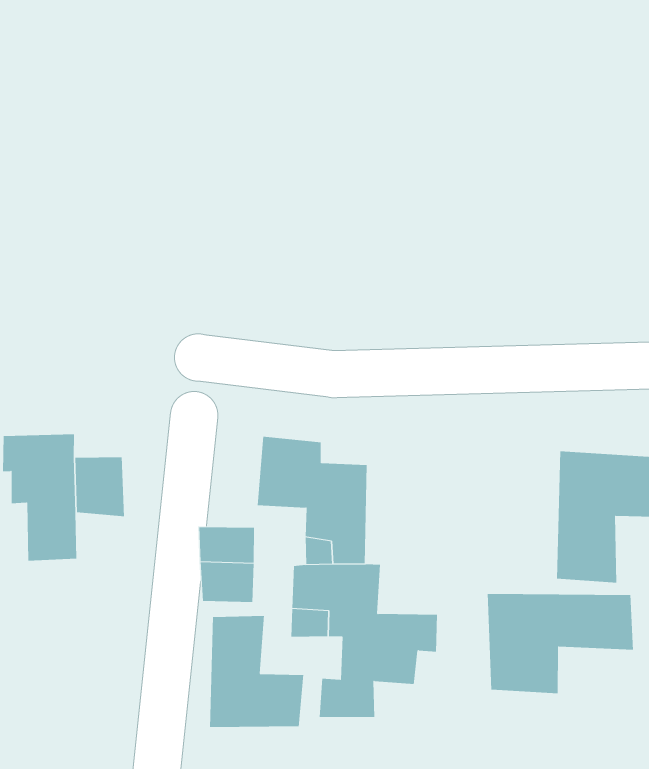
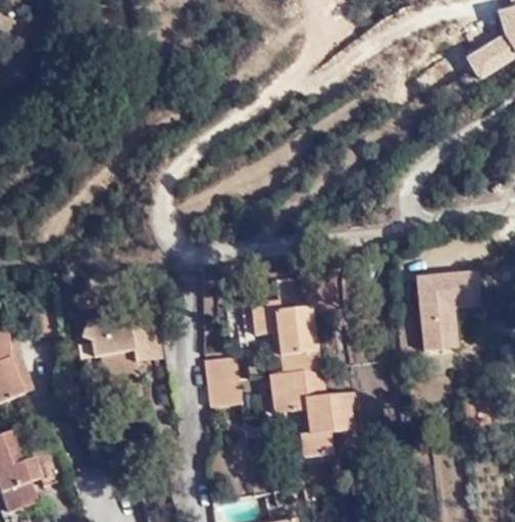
building: [487,593,634,694] -> none
building: [209,615,304,728] -> none

